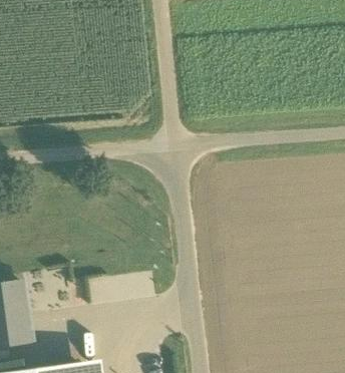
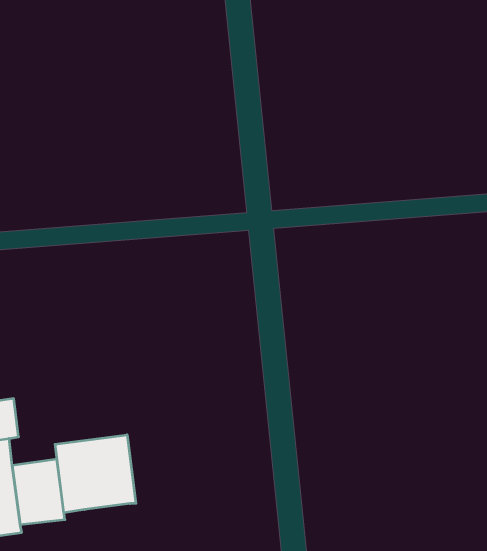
building: none -> [55,435,136,513]

